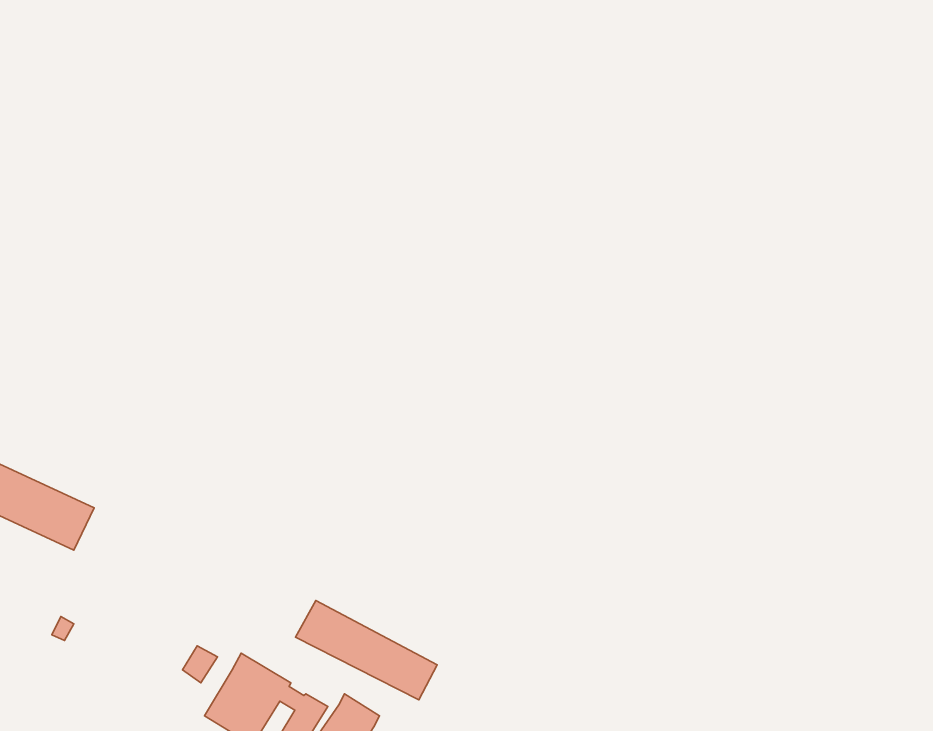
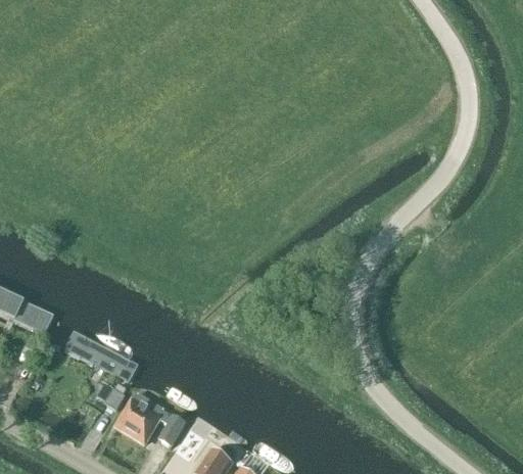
building: [296,601,437,700] -> [61,326,140,381]

